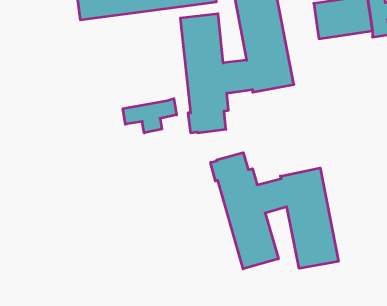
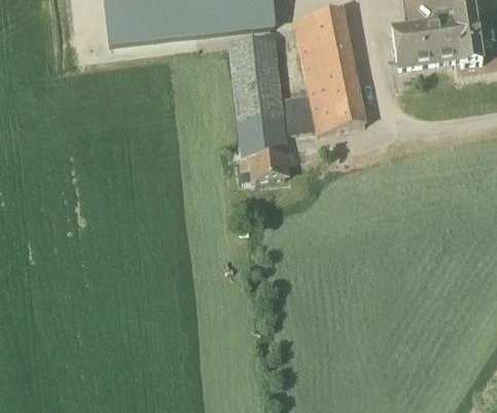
building: [123,99,177,133] -> none
building: [211,153,338,269] -> none

